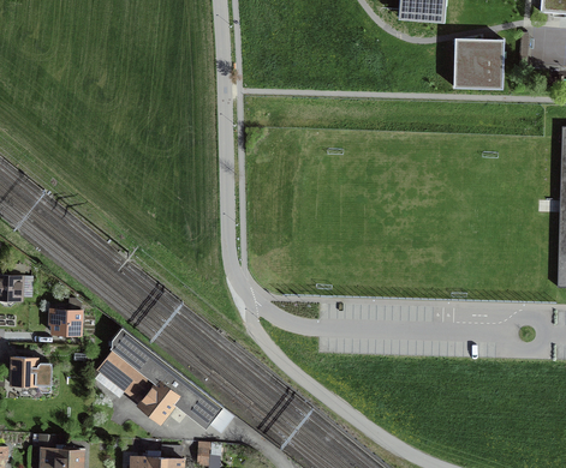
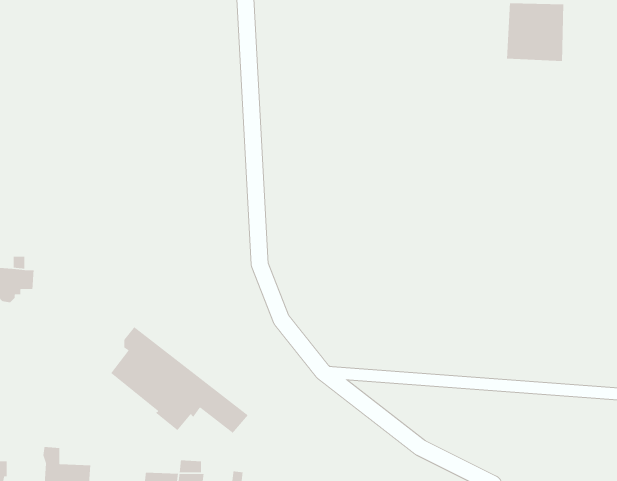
building: [48,299,79,335] -> none
building: [11,358,50,392] -> none

